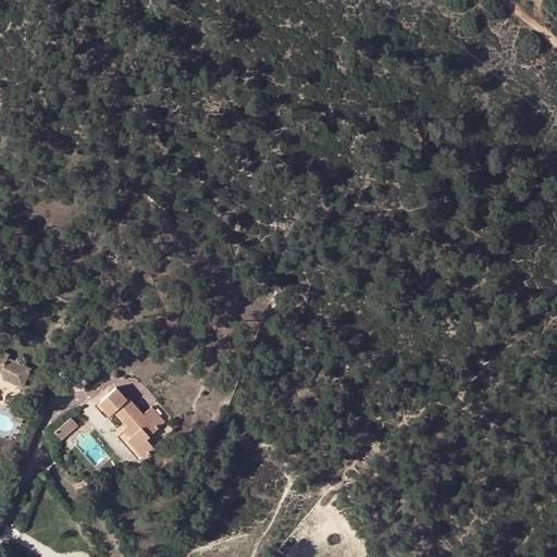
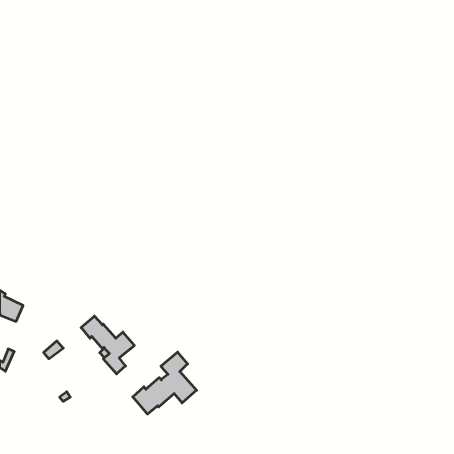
building: none -> [133,352,197,414]

